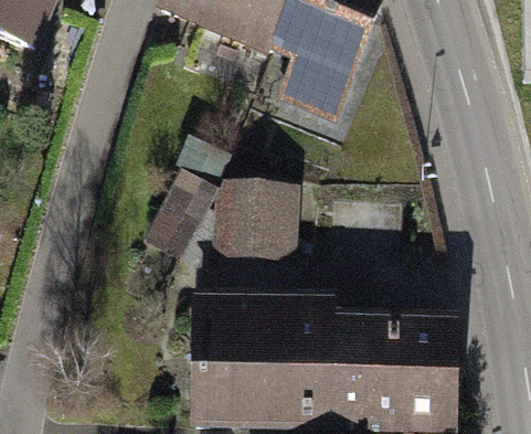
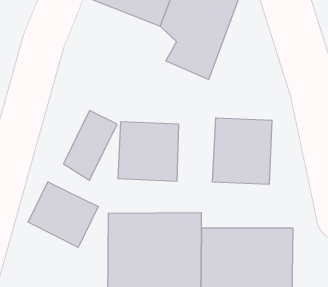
building: none -> [213,118,272,184]
building: none -> [28,182,98,247]

